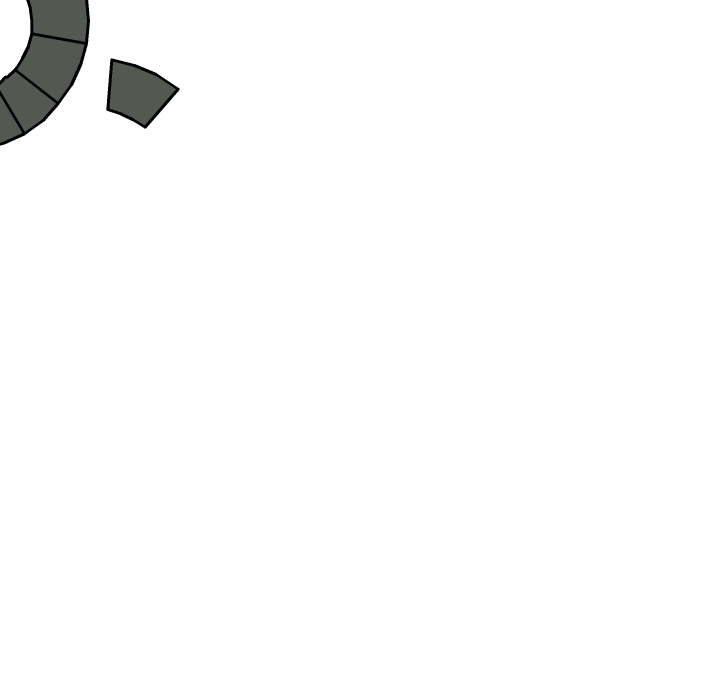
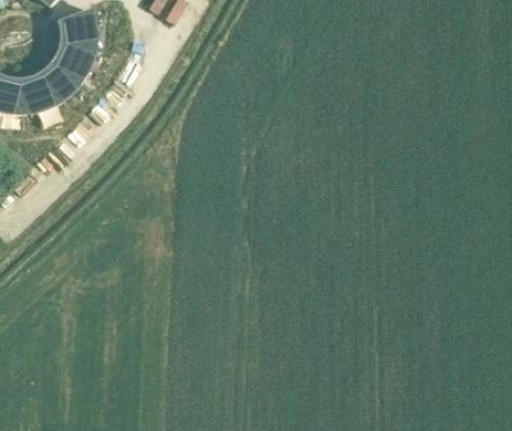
building: [108,60,178,127] -> none

